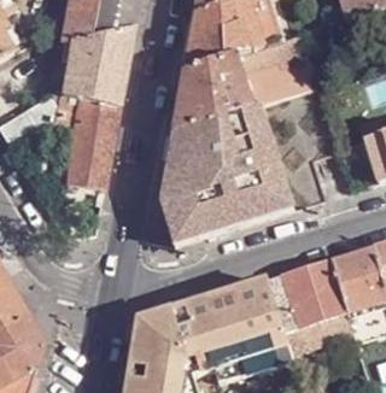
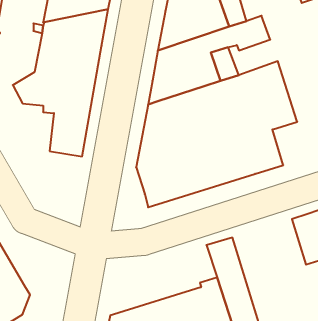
building: [268,257,355,346] -> none
building: [131,286,251,364] -> none

